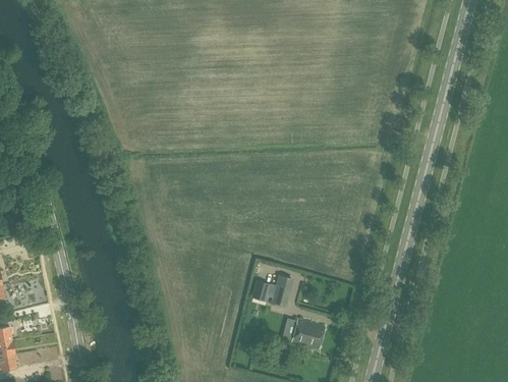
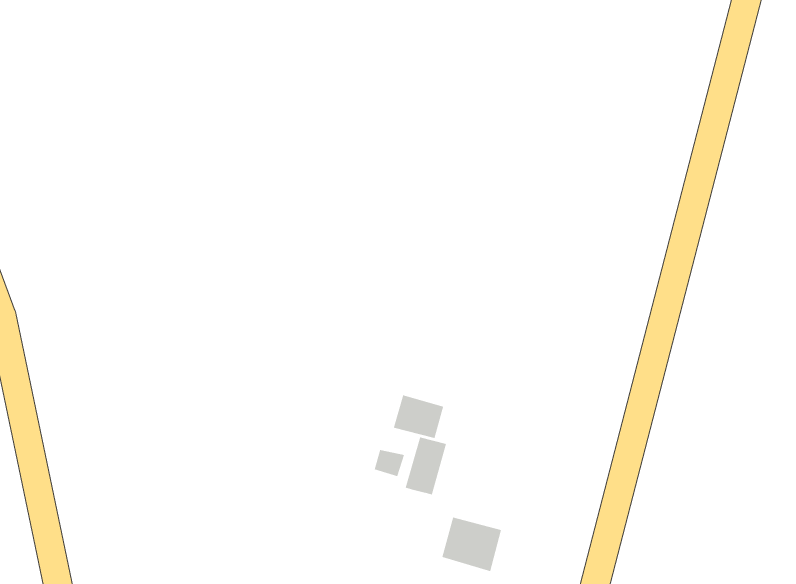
building: none -> [393,395,444,439]

